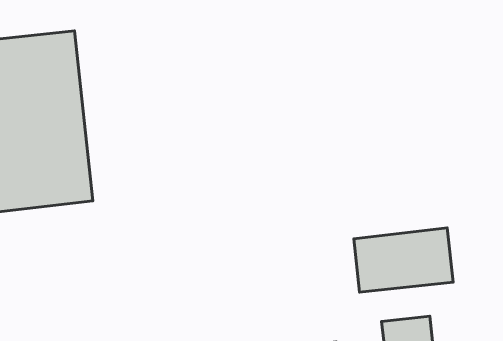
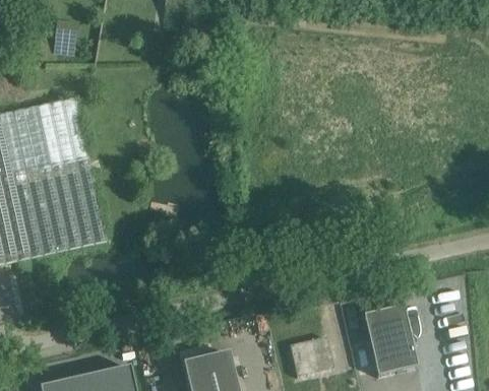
building: [354,228,453,292] -> none

